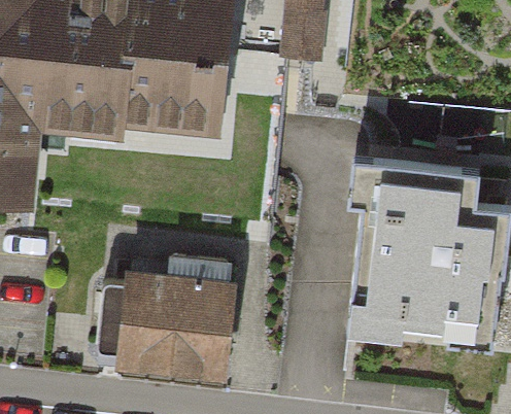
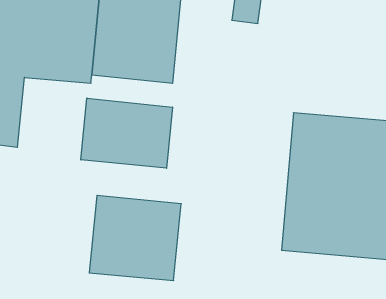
building: none -> [81,98,172,168]

